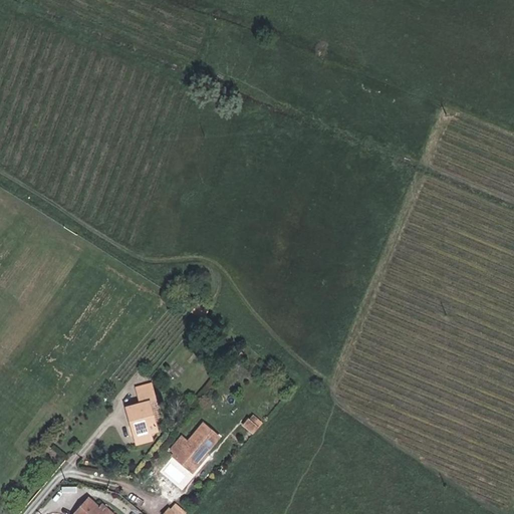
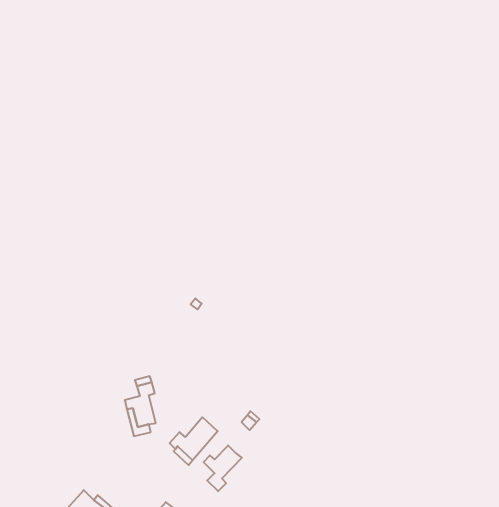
building: none -> [204,445,242,491]

